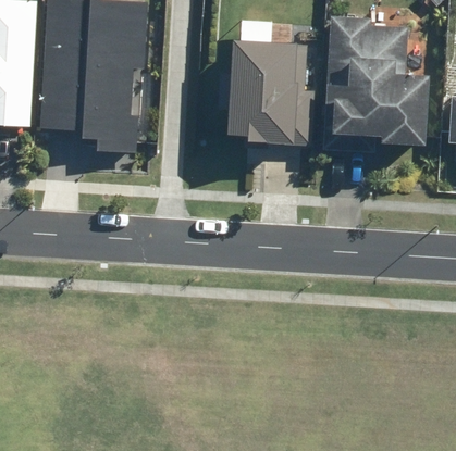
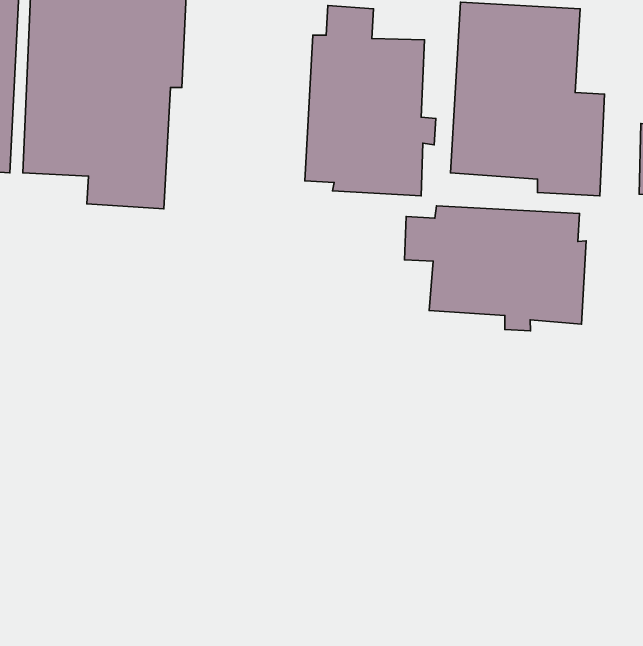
building: none -> [404,206,586,331]

